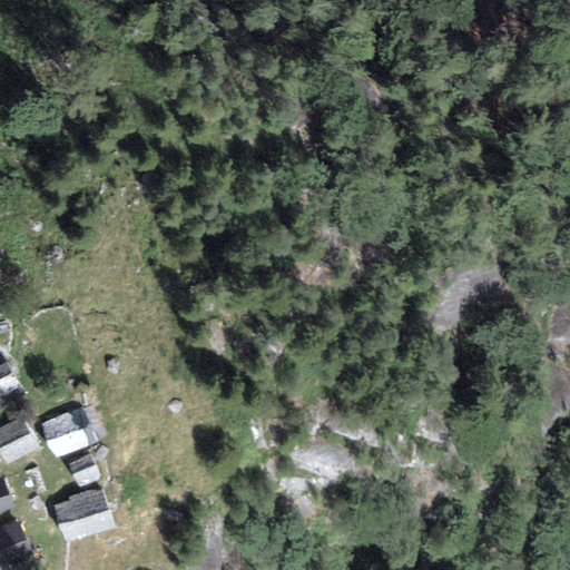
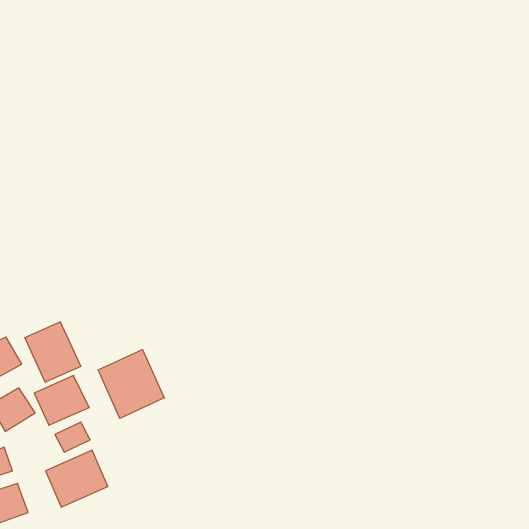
building: none -> [25,322,81,382]
building: none -> [98,350,164,418]

